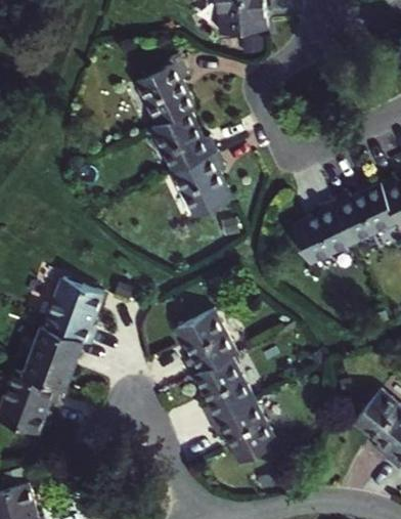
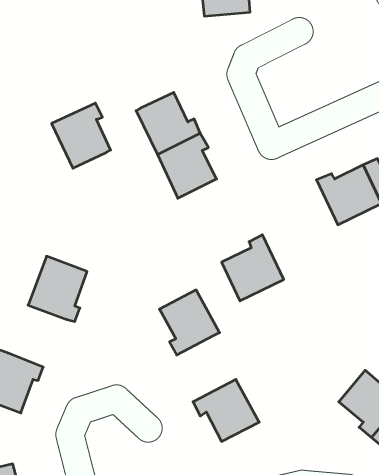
building: [136,61,195,127] -> [52,103,111,168]
building: [293,200,355,266] -> [222,235,284,301]
building: [24,325,83,389] -> none
building: [193,356,253,423] -> none

